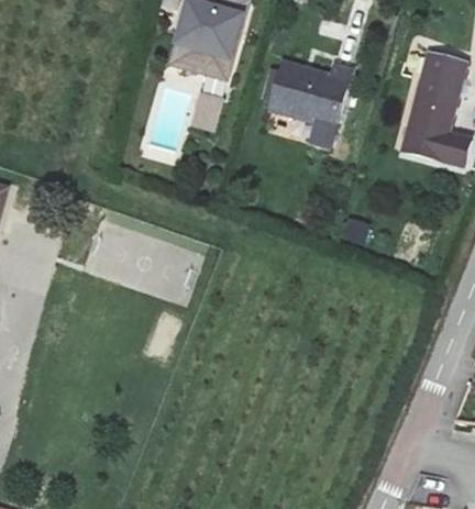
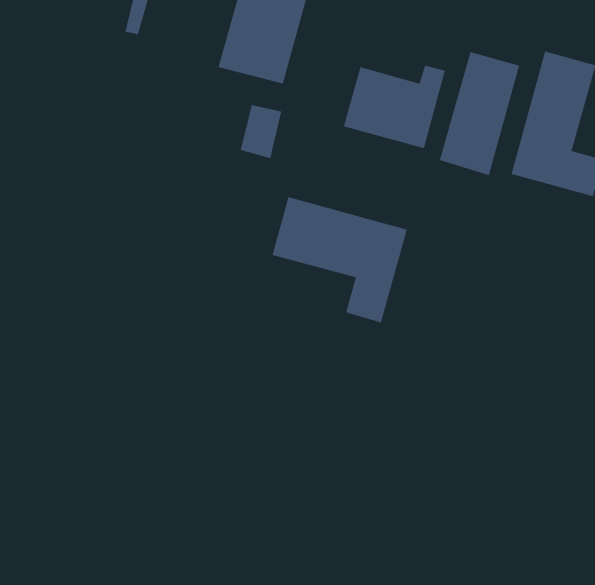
building: none -> [439,51,520,176]
building: none -> [271,196,408,324]

